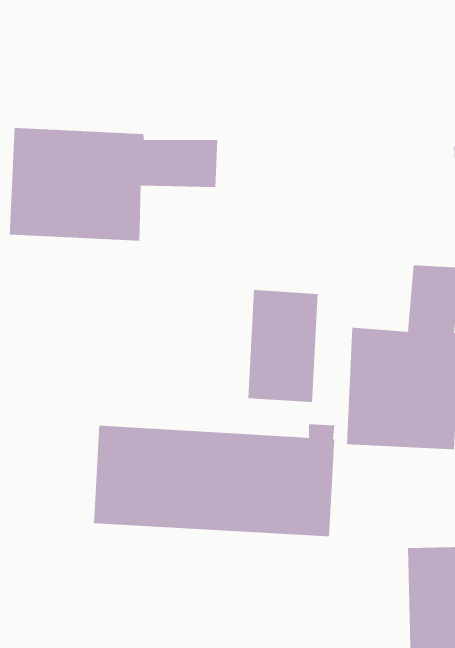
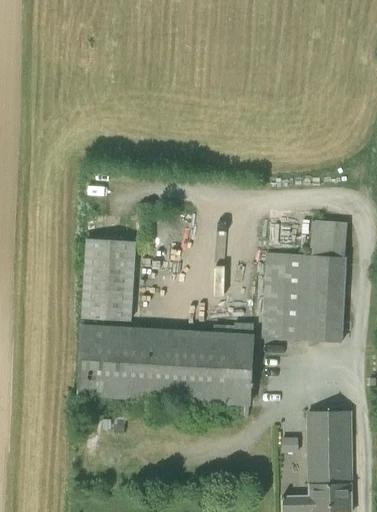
building: [9,127,218,242] -> none
building: [248,290,318,403] -> [82,238,134,321]

